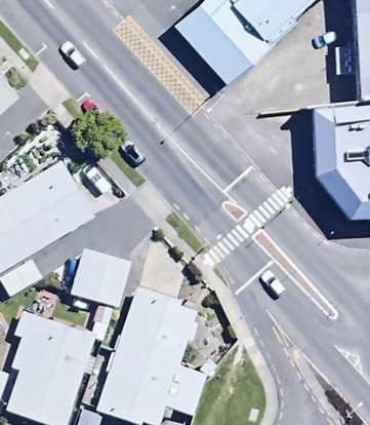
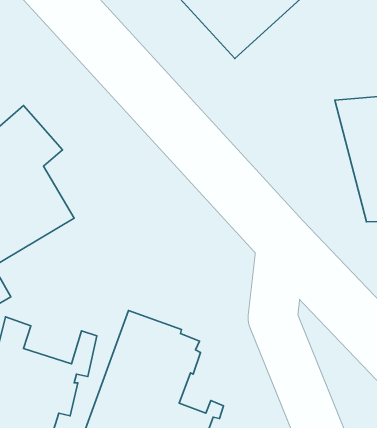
building: [72,249,132,310] -> none

